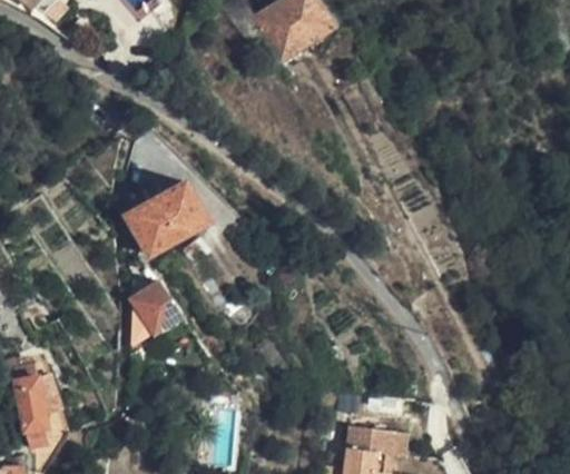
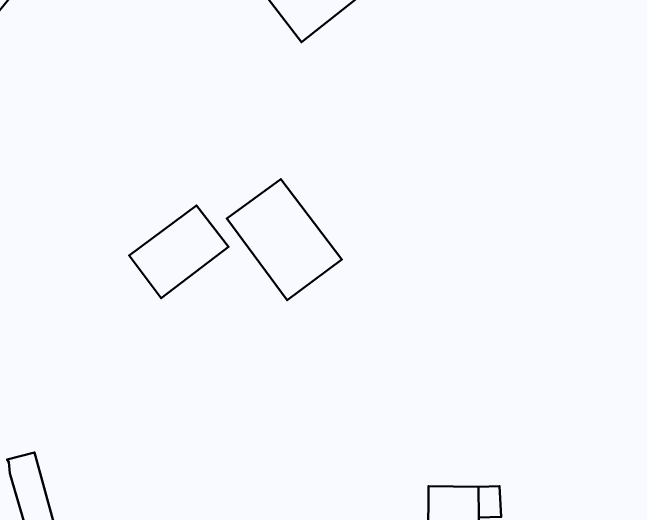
building: none -> [227,179,342,300]
building: [134,280,181,333] -> none

